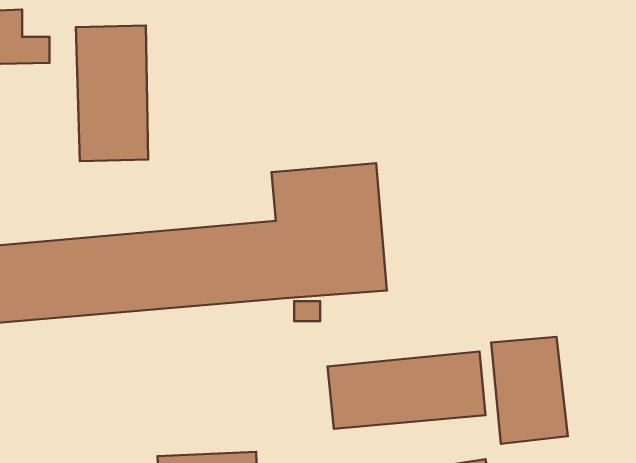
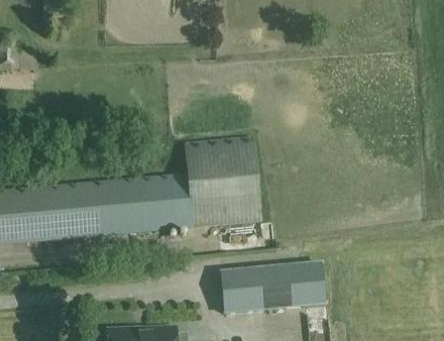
building: [76,25,148,161] -> none
building: [491,337,568,444] -> none

